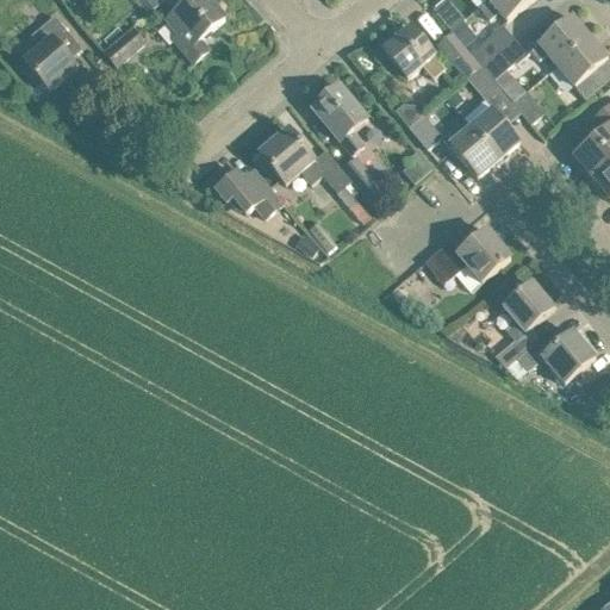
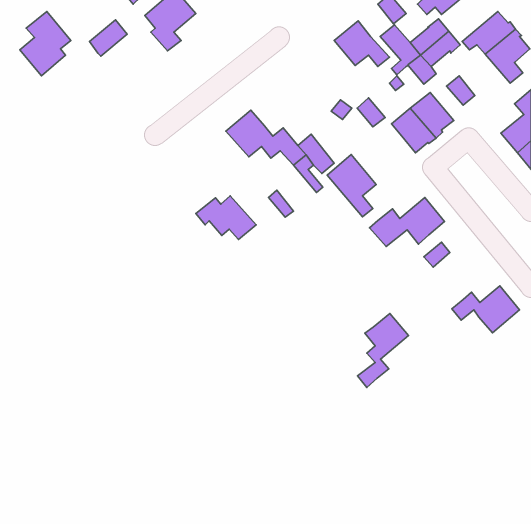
building: [312,82,368,154] -> [327,154,376,217]
building: [214,166,284,216] -> [196,196,256,240]
building: [494,280,553,365] -> [357,314,408,387]

